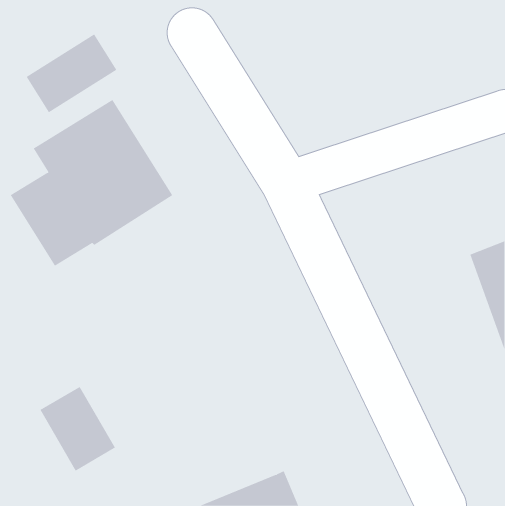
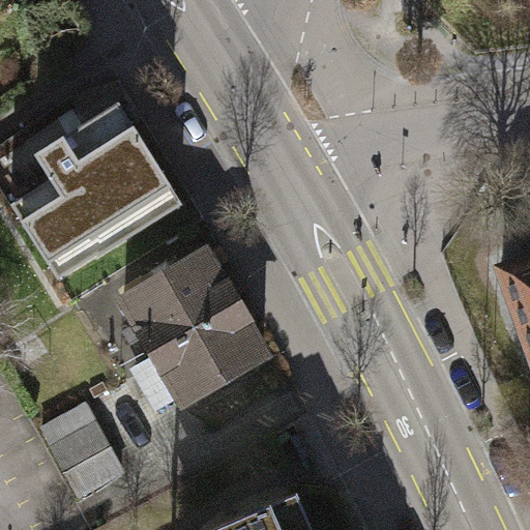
building: [26,34,117,113] -> none
building: none -> [124,254,265,401]

